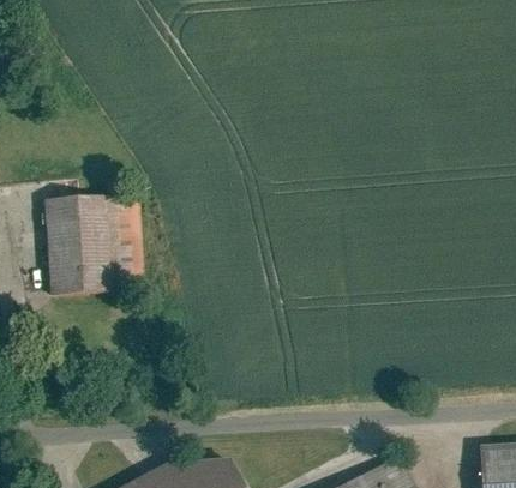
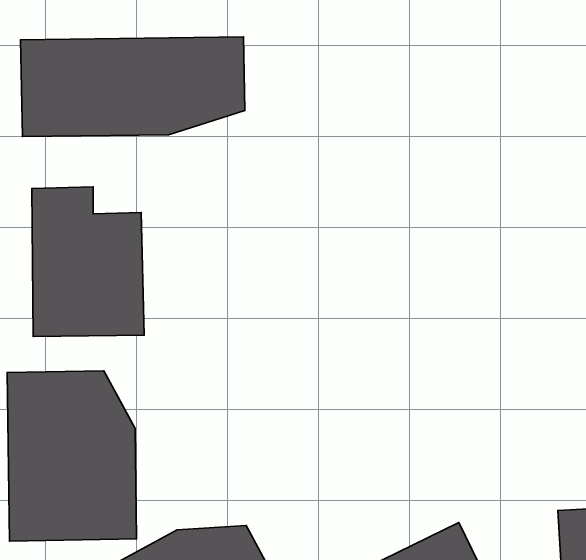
building: none -> [21,37,245,137]
building: none -> [7,371,136,541]

